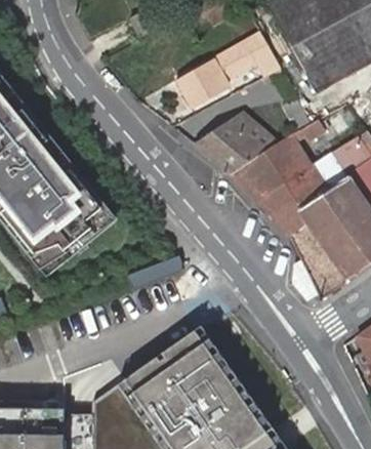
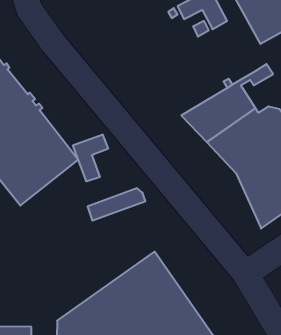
building: [176,59,229,106] -> none
building: [194,116,274,173] -> none
building: none -> [73,134,108,181]

